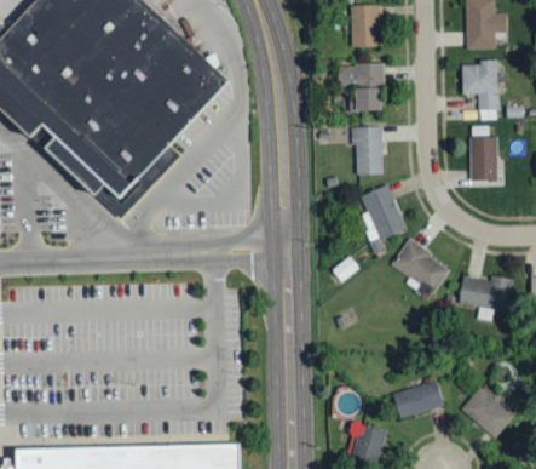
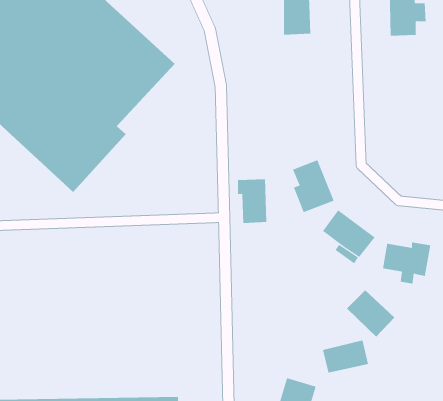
building: [462,61,498,120] -> none
building: [338,65,382,113] -> none
building: [351,126,384,175] -> [237,179,267,223]
building: [471,136,498,179] -> none
building: [461,387,514,439] -> [346,290,395,337]

